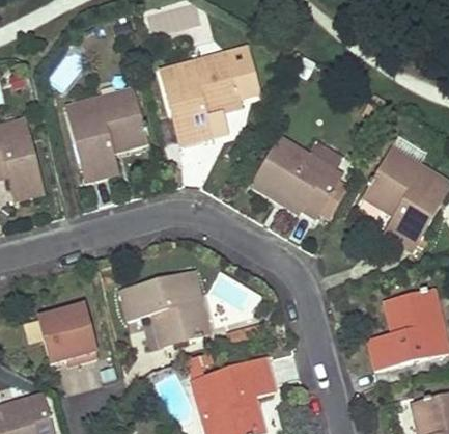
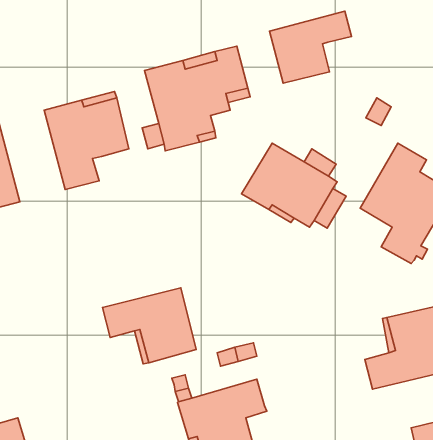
building: none -> [269,11,351,83]
building: [38,306,96,361] -> none

